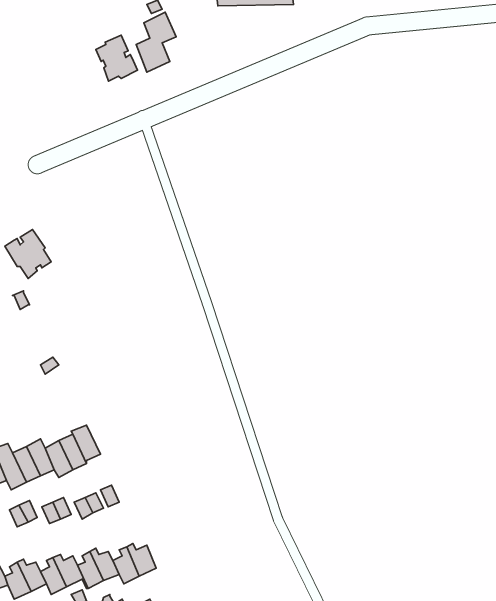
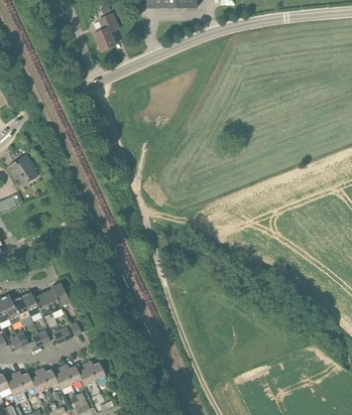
building: [96,35,137,81] -> none

